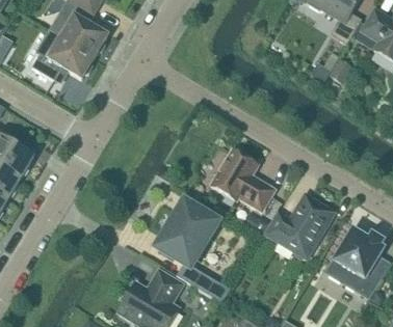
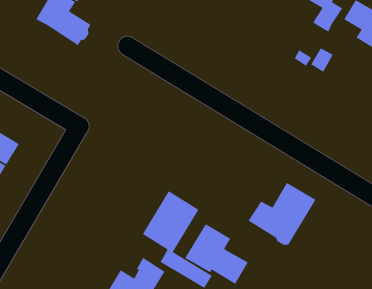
building: [32,35,94,79] -> none
building: [210,148,276,211] -> [184,223,249,285]
building: [328,228,383,296] -> none

